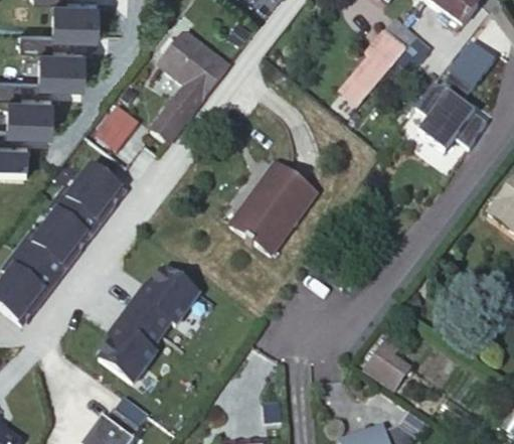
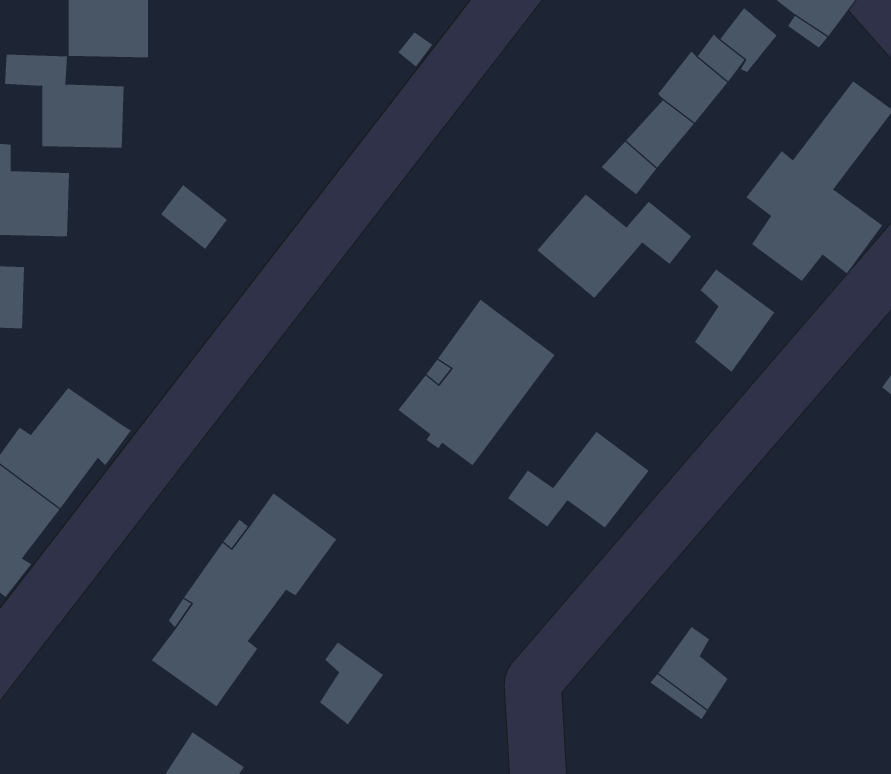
building: [151,29,227,143] -> none
building: none -> [537,194,692,299]
building: none -> [694,268,775,373]
building: [48,169,122,232] -> none
building: none -> [507,431,650,528]
building: none -> [319,642,384,726]

